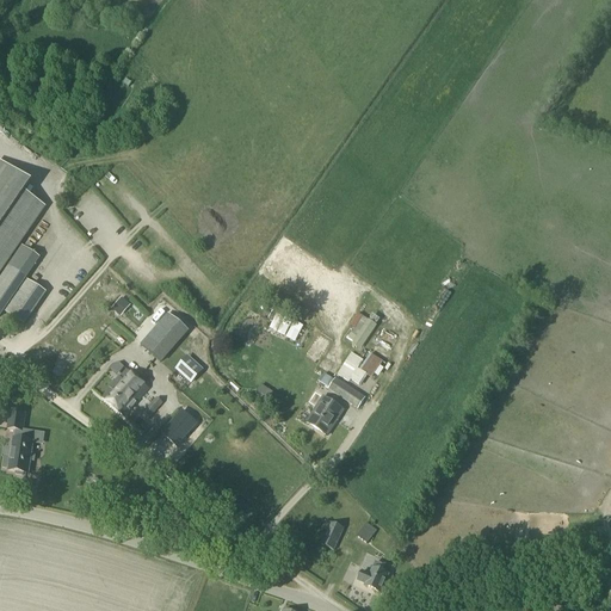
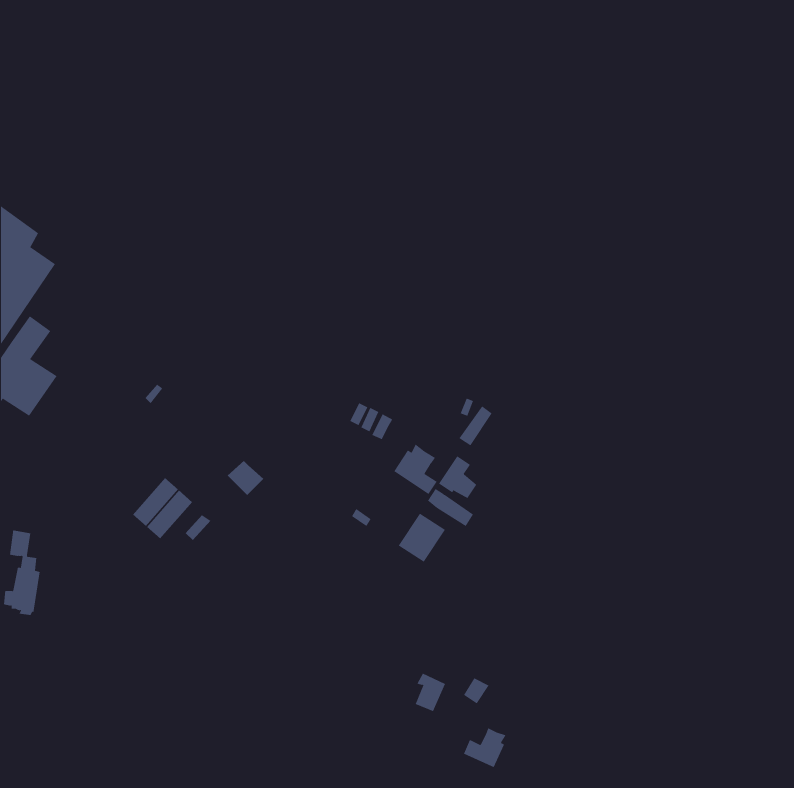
building: [140,310,187,359] -> none
building: none -> [394,443,437,495]
building: [161,407,197,443] -> none

